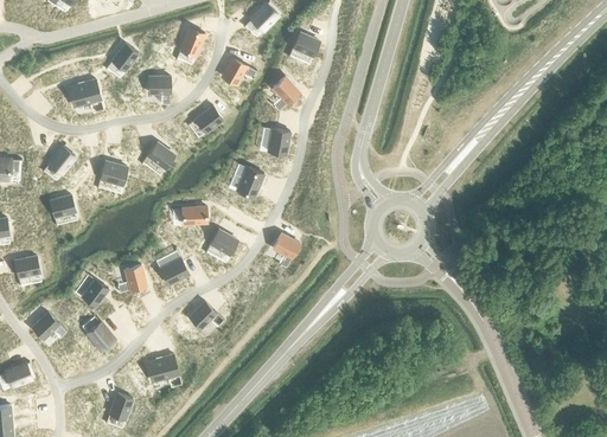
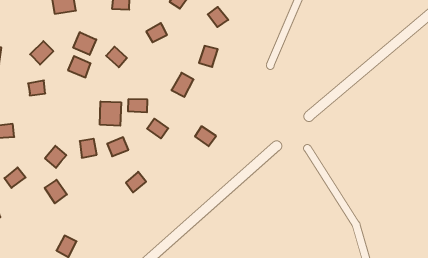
building: none -> [73,32,96,55]
building: none -> [100,101,121,126]
building: [145,353,178,381] -> none

